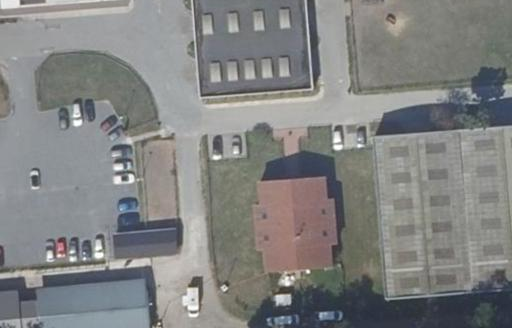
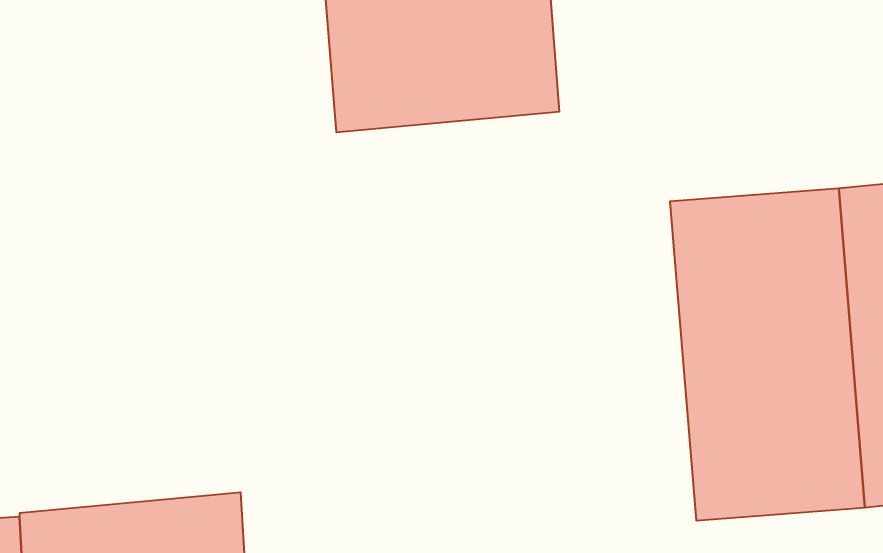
building: [249,176,338,280] -> none
building: [117,229,180,256] -> none

